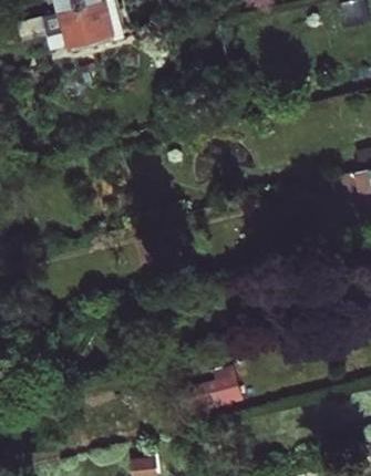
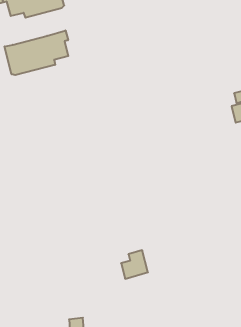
building: none -> [5,30,68,75]

